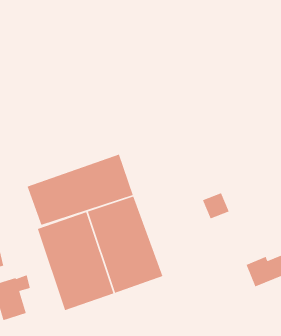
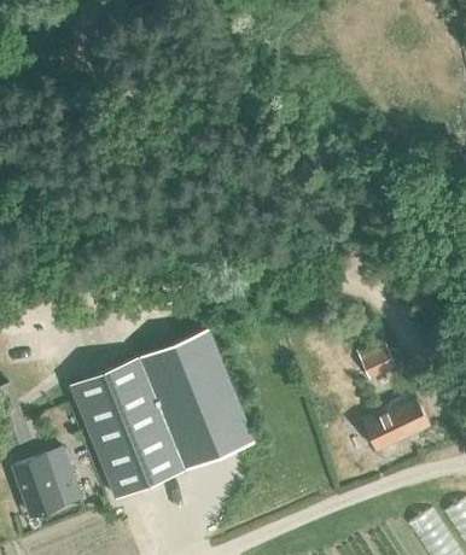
building: [26,154,134,226] -> none
building: [202,192,230,219] -> [357,340,397,379]

